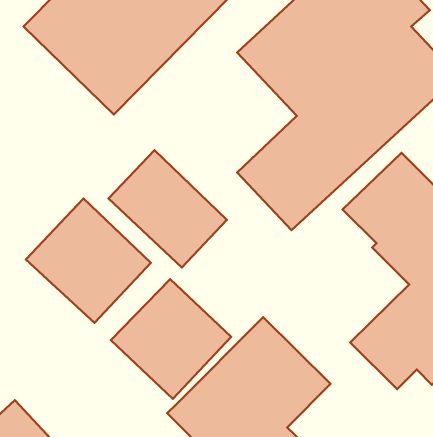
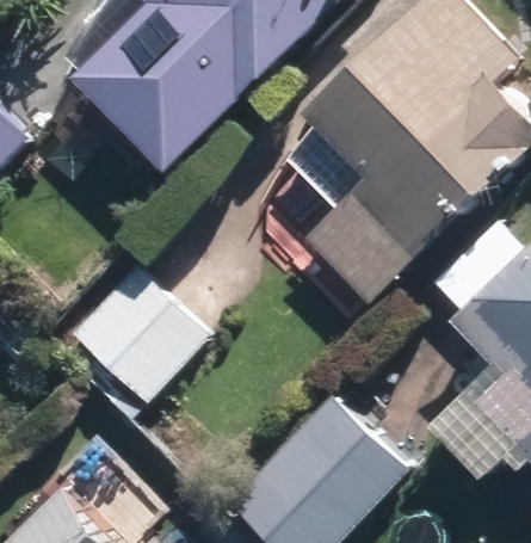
building: [109,150,227,268] -> none
building: [111,279,231,399] -> none

